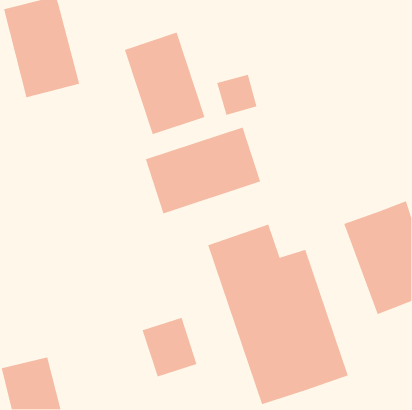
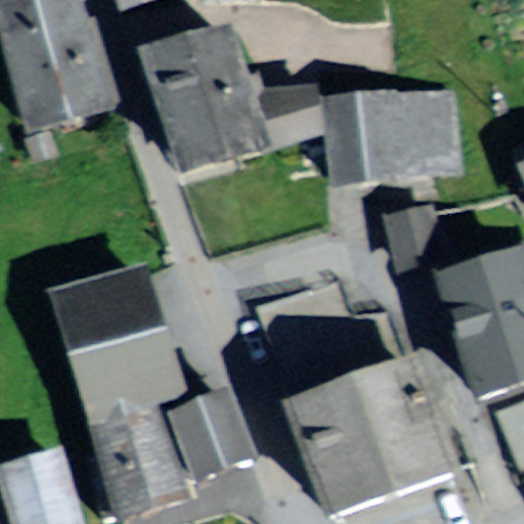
building: none -> [339,93,452,180]
building: [145,126,261,214] -> none
building: none -> [55,277,175,511]

